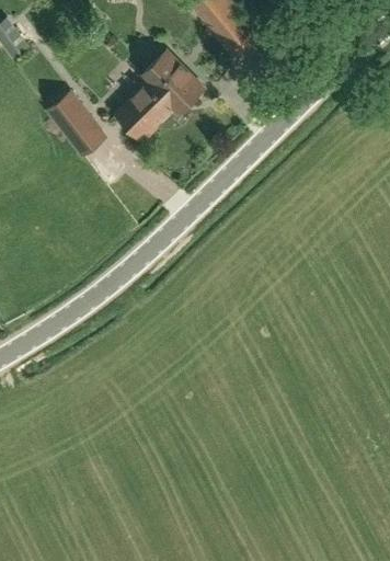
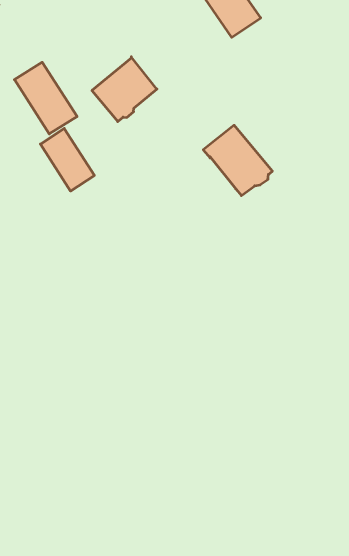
building: [141,51,204,113] -> [203,125,272,196]
building: none -> [40,128,94,191]

